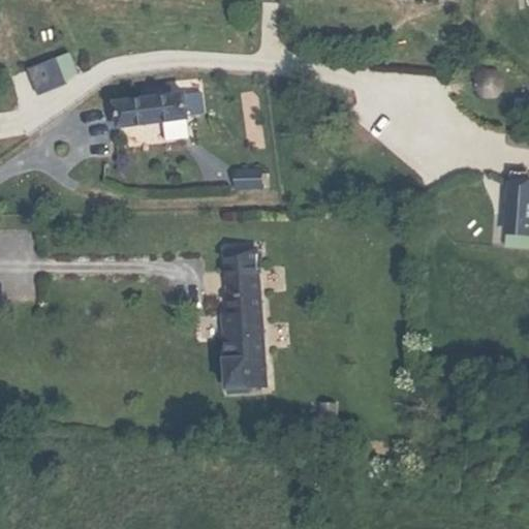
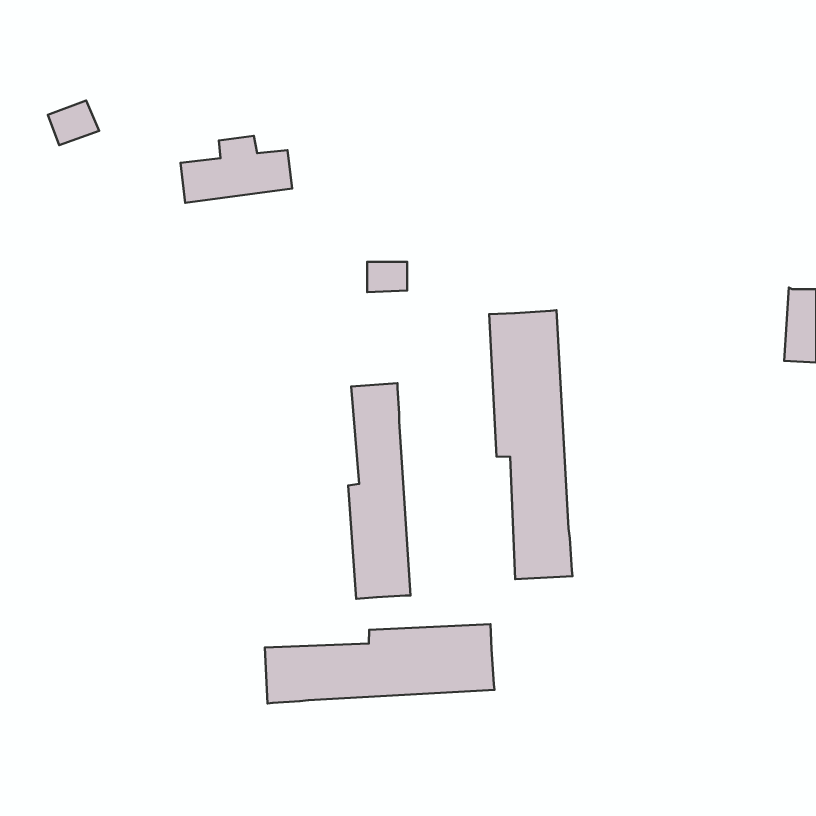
building: none -> [489,310,572,579]
building: none -> [265,624,494,704]

